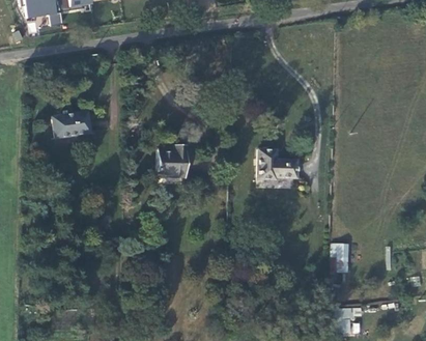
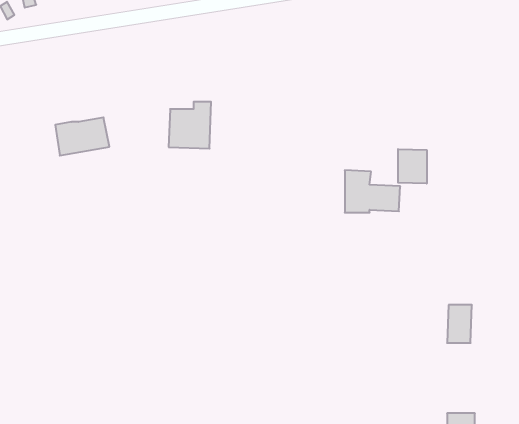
building: none -> [398,149,427,184]
building: [157,144,187,177] -> [169,102,211,149]

